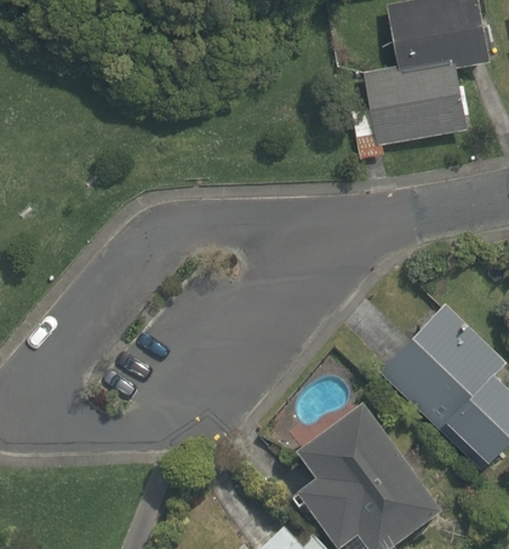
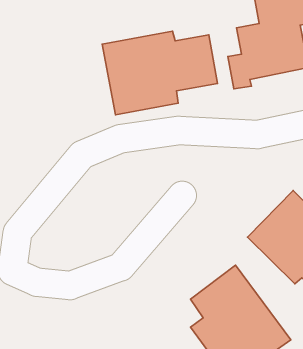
building: none -> [102,31,218,115]

